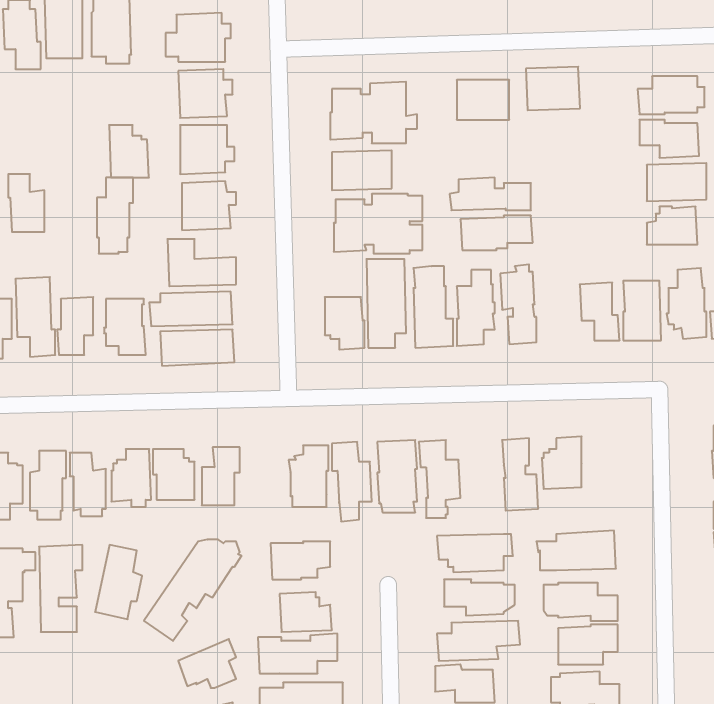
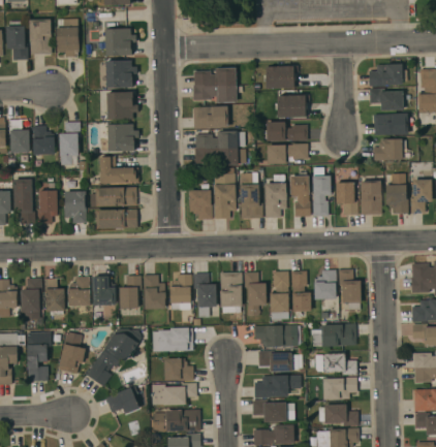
building: [526,67,580,110] -> [276,94,307,119]
building: [109,125,149,178] -> [32,125,55,155]
building: none -> [312,175,331,216]
building: none -> [338,269,361,310]
building: none -> [270,272,288,319]
building: none -> [143,275,165,309]

